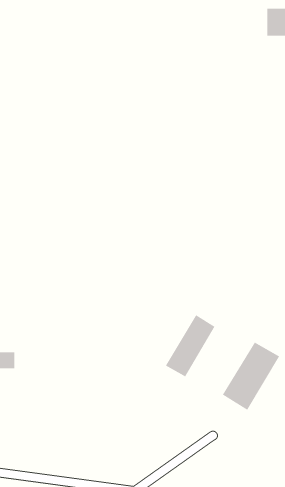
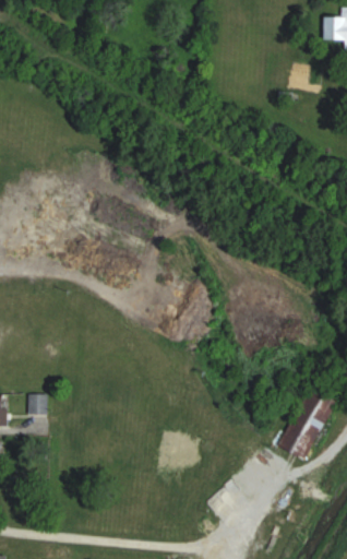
building: [165,314,216,378] -> none

